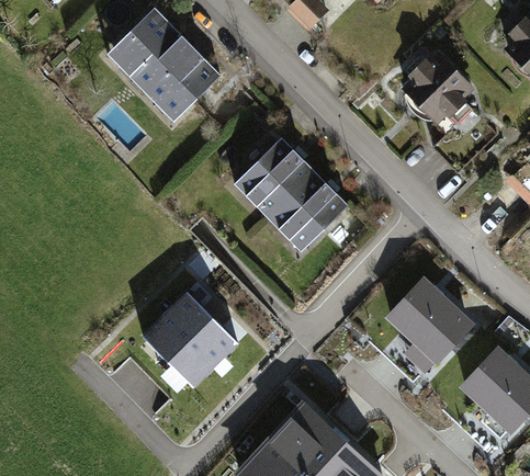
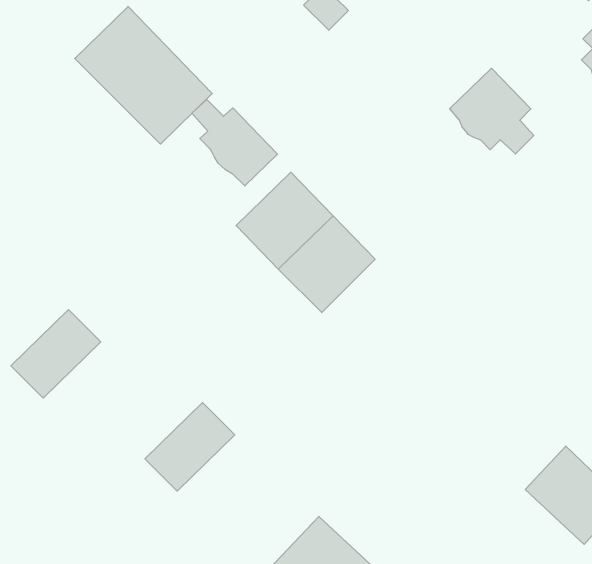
building: none -> [192,100,278,186]
building: [391,283,469,360] -> none
building: [142,293,212,362] -> [11,310,101,398]

